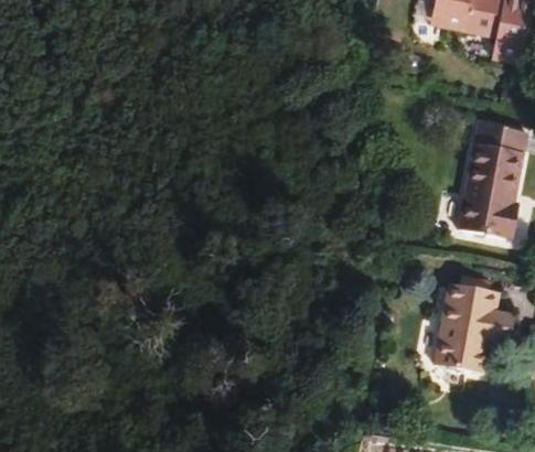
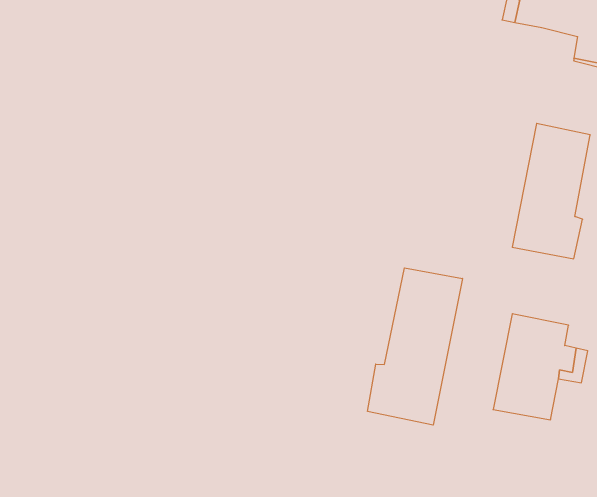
building: none -> [368,268,462,425]

